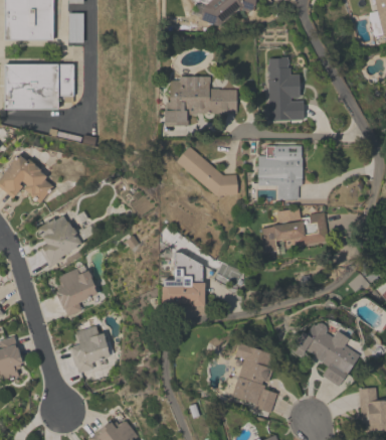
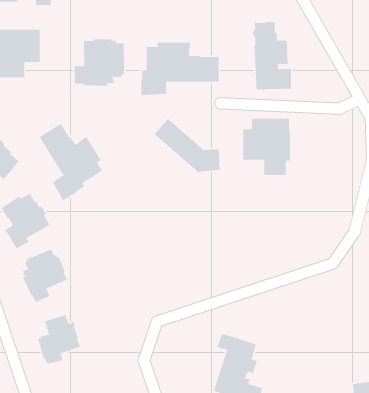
building: none -> [74,38,125,87]
building: none -> [38,123,103,202]
building: [261,208,329,252] -> none
building: [162,253,205,307] -> none
building: [295,323,360,387] -> none

